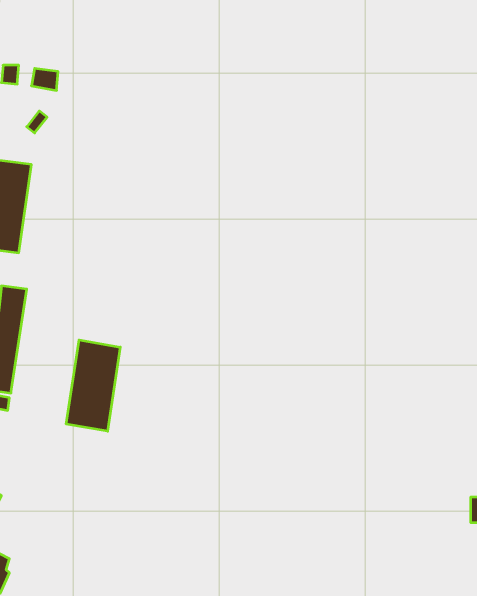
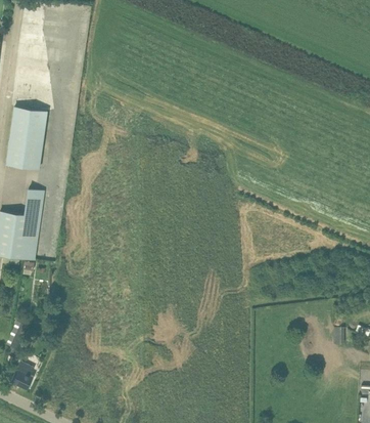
building: [66,340,120,431] -> none

